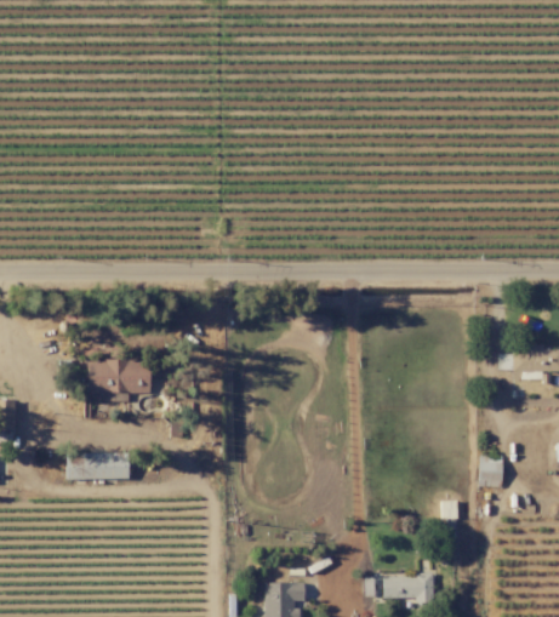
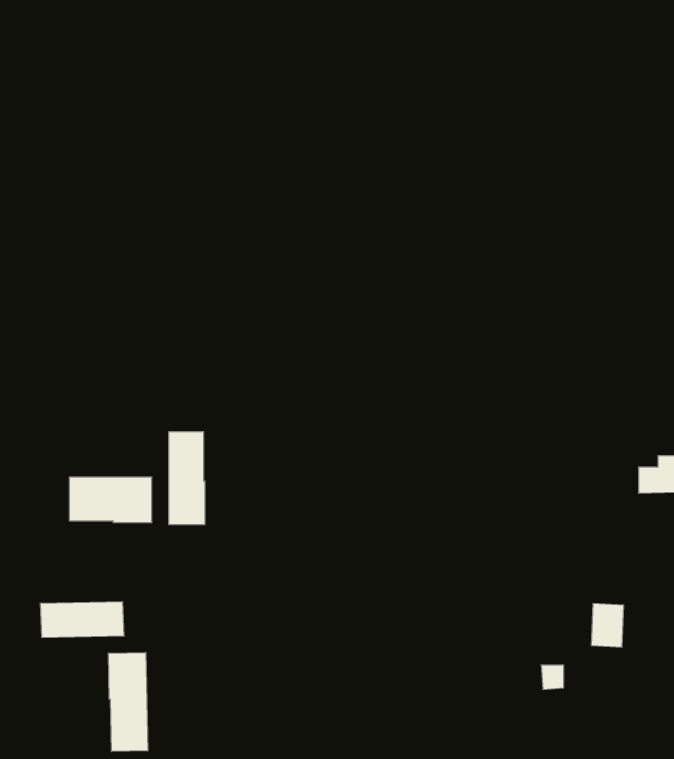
building: none -> [169,432,205,525]
building: none -> [108,652,148,752]

